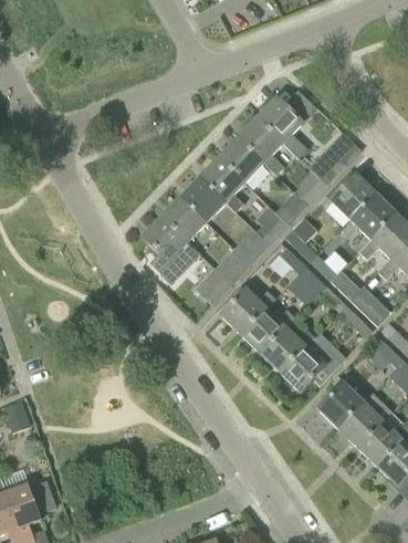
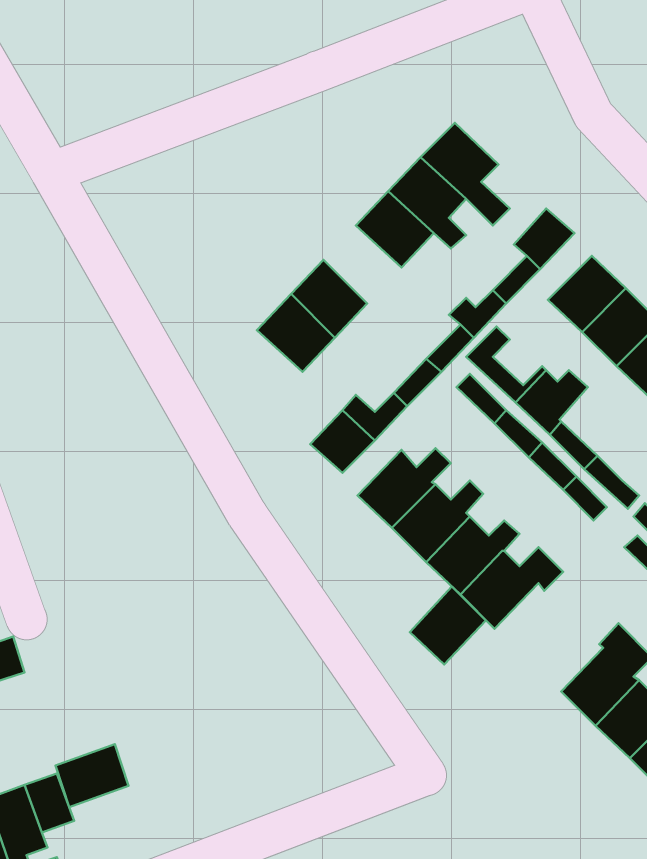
building: [200,159,245,210] -> none
building: [143,220,189,283] -> none
building: [318,385,363,430] -> [410,586,486,664]
building: none -> [56,744,128,807]

